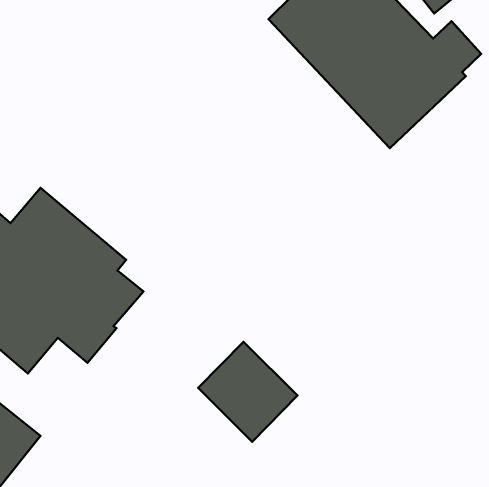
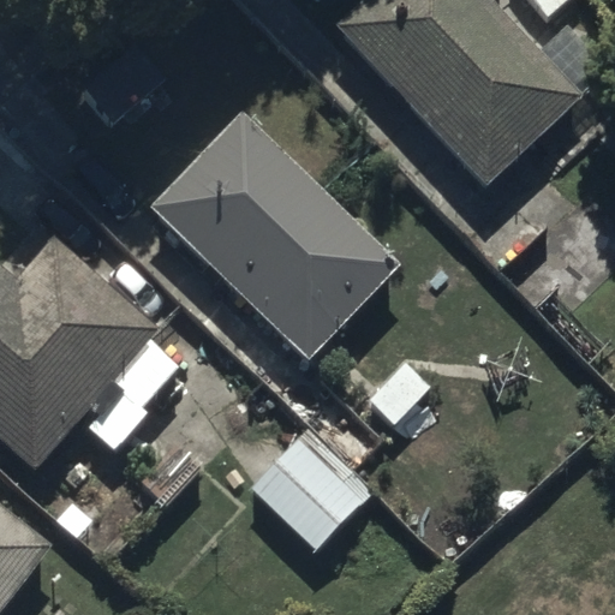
building: none -> [147,111,400,359]

